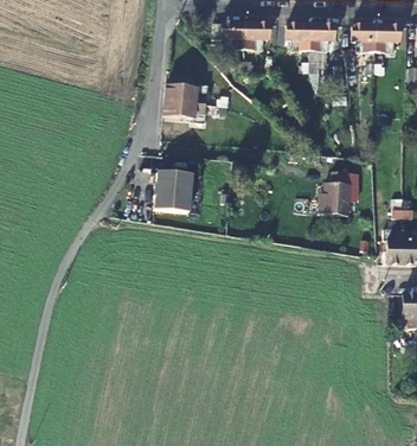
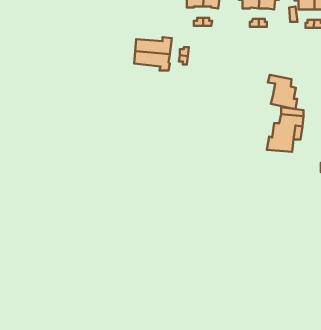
building: none -> [268,75,297,109]
building: [154,172,192,214] -> none

